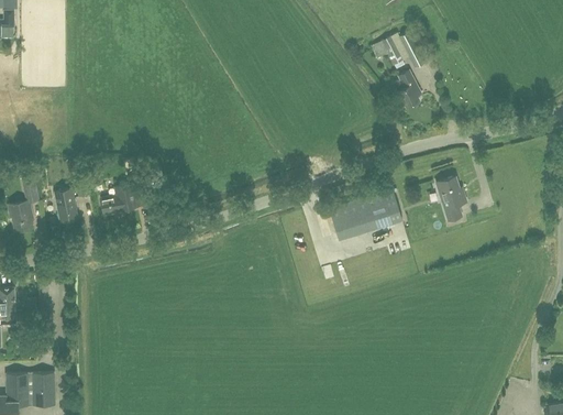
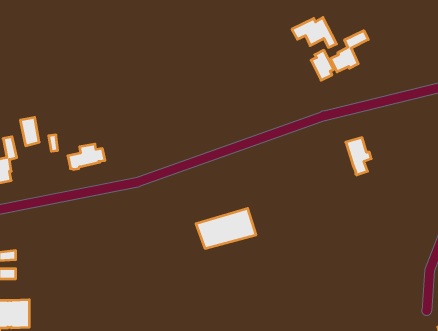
building: none -> [330,31,368,72]
building: [54,188,77,222] -> [20,117,39,146]
building: [330,188,402,237] -> [196,208,256,248]

